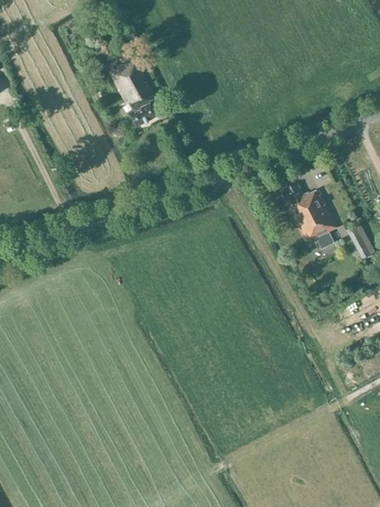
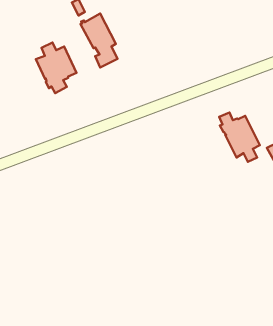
building: none -> [36,43,76,93]

